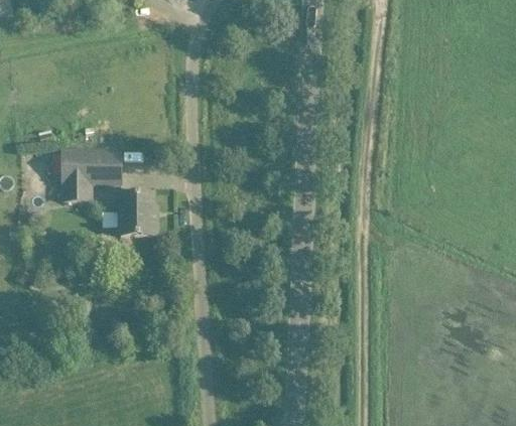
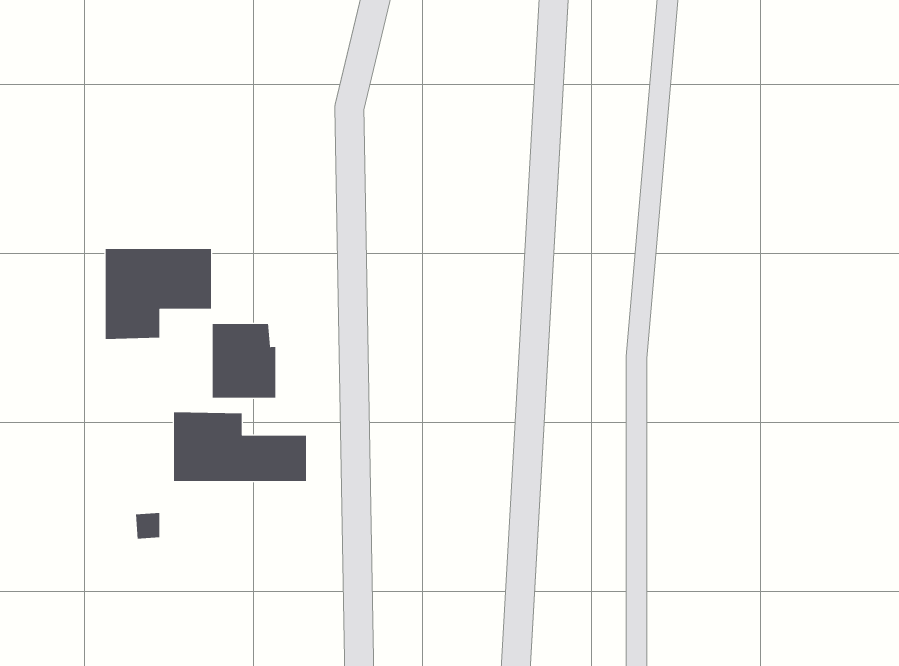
building: none -> [173,412,307,482]

